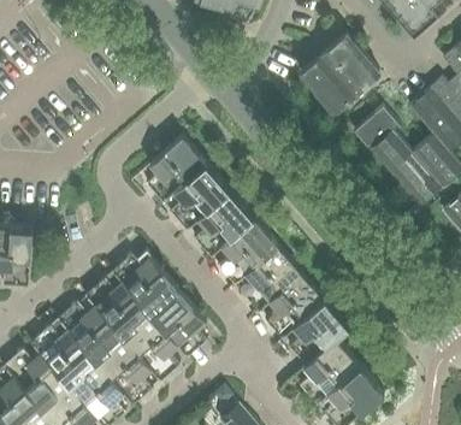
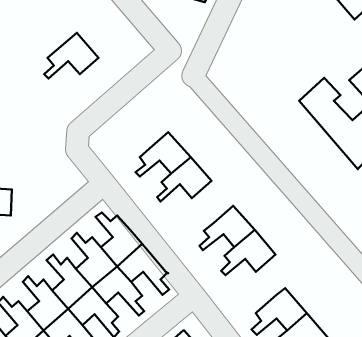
building: [300,35,378,112] -> none
building: [146,138,206,189] -> [44,33,98,78]
building: [217,220,278,271] -> none
building: [288,302,349,353] -> none

